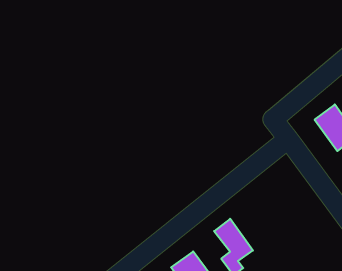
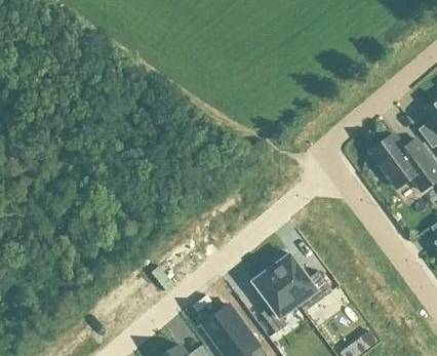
building: none -> [271,251,332,310]

